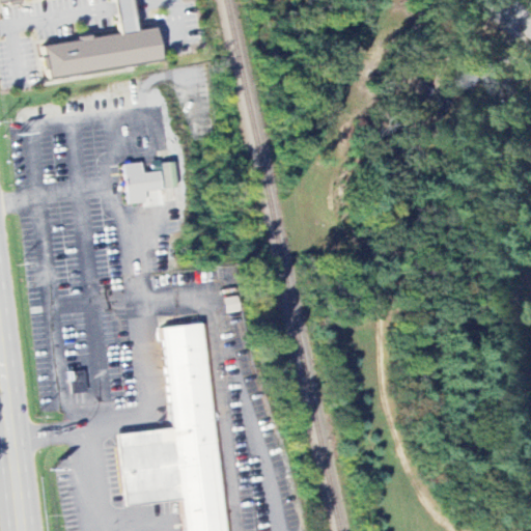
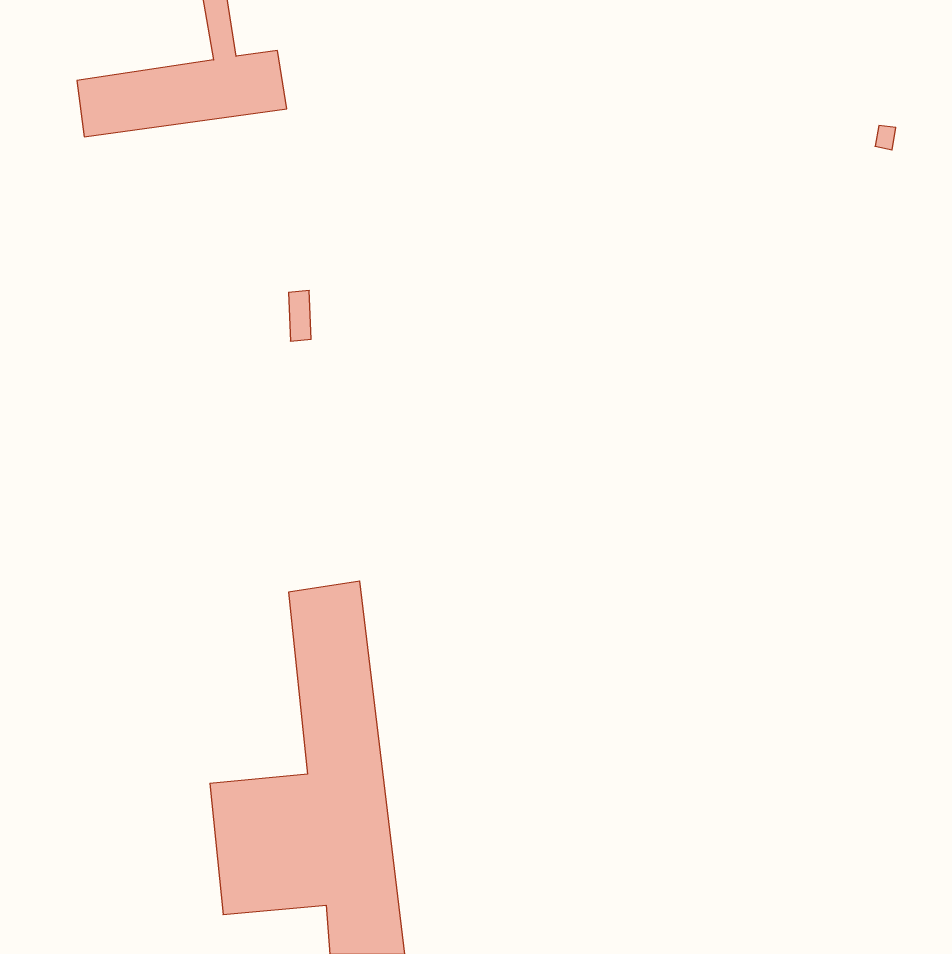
building: [124,162,162,203] -> none

